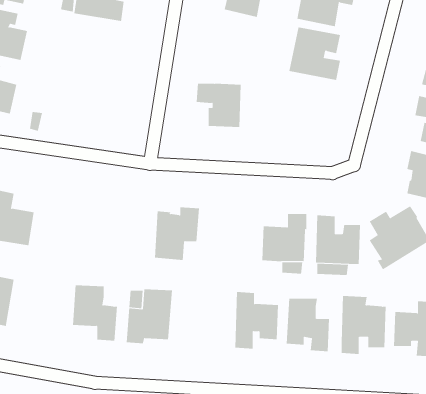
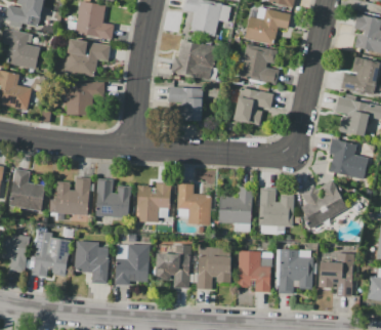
building: none -> [65,38,110,77]
building: none -> [170,40,218,80]
building: none -> [67,82,103,115]
building: none -> [234,87,272,125]
building: none -> [50,177,90,215]
building: none -> [95,178,131,218]
building: none -> [177,183,211,224]
building: none -> [32,231,71,276]
building: none -> [156,244,189,289]

